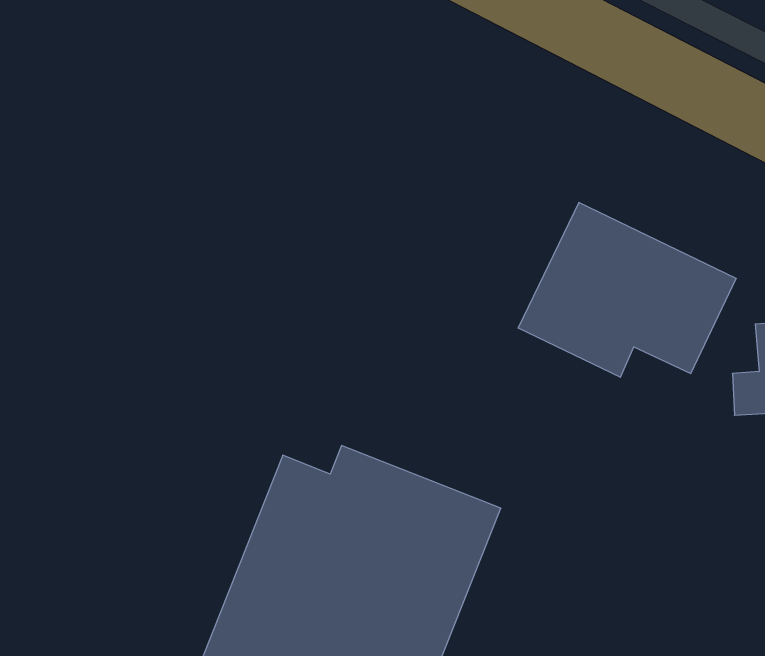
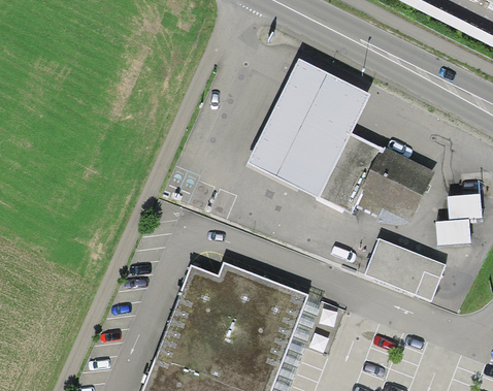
building: none -> [247,59,369,197]
building: none -> [364,237,447,294]

